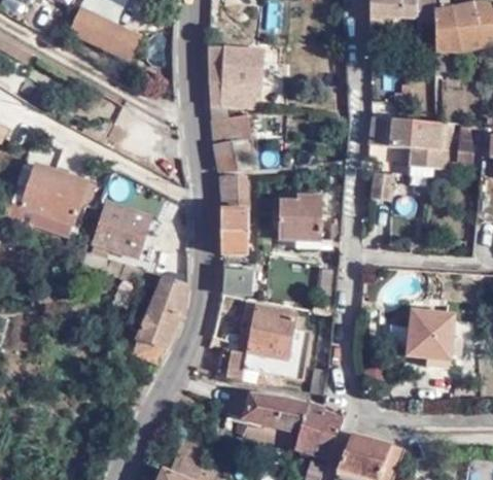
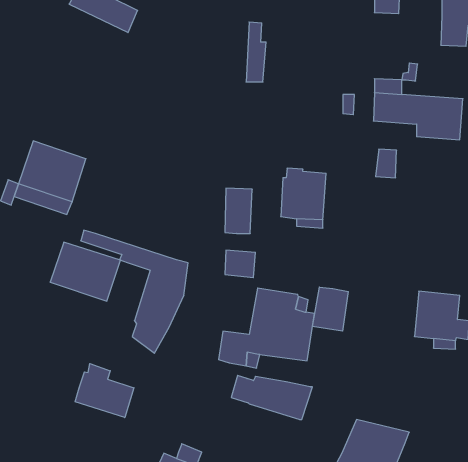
building: [206,44,246,105] -> none
building: [210,116,252,173] -> none
building: [217,177,250,210] -> none
building: [93,203,162,261] -> [50,242,121,301]
building: none -> [312,287,348,331]
building: none -> [75,364,134,418]
building: [294,404,340,460] -> none

